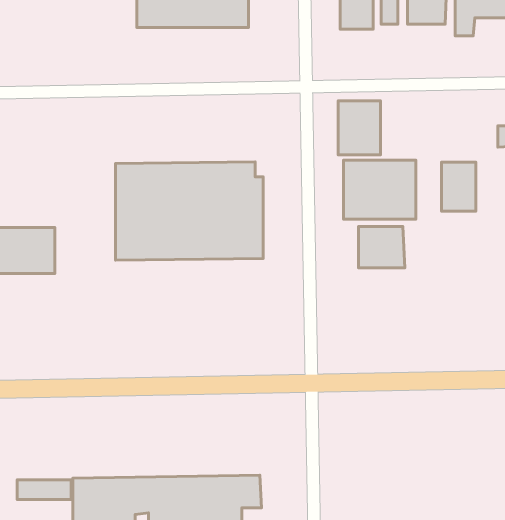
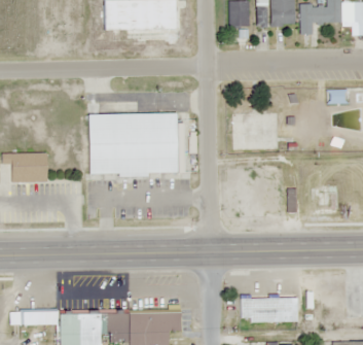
building: [338,101,381,155] -> none
building: [441,162,476,211] -> none
building: [358,227,405,268] -> none
building: none -> [240,299,297,322]

